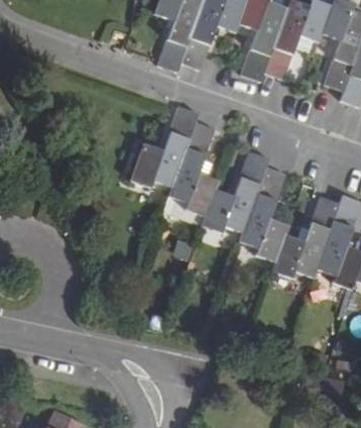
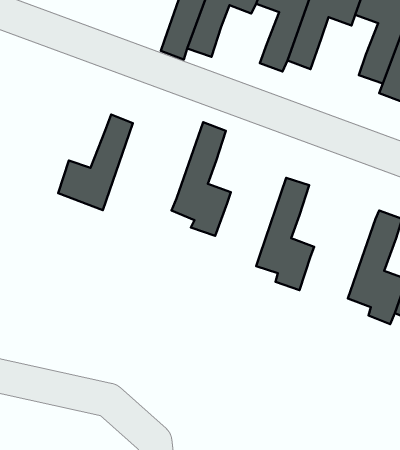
building: [134,106,197,186] -> [58,115,133,210]
building: [201,152,267,233] -> none
building: [271,197,338,279] -> none

